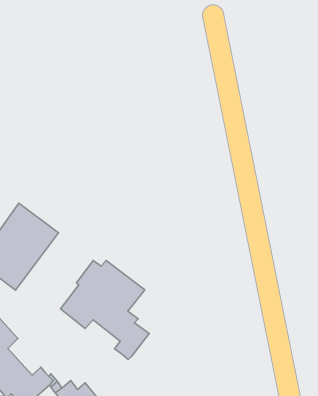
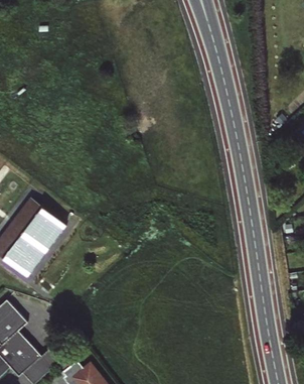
building: [60,260,149,360] -> none

